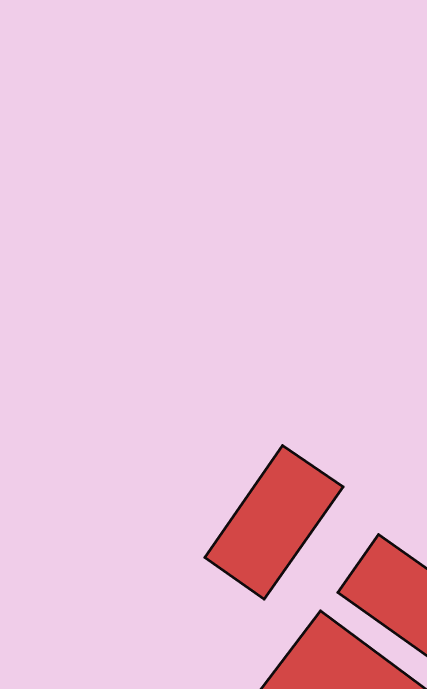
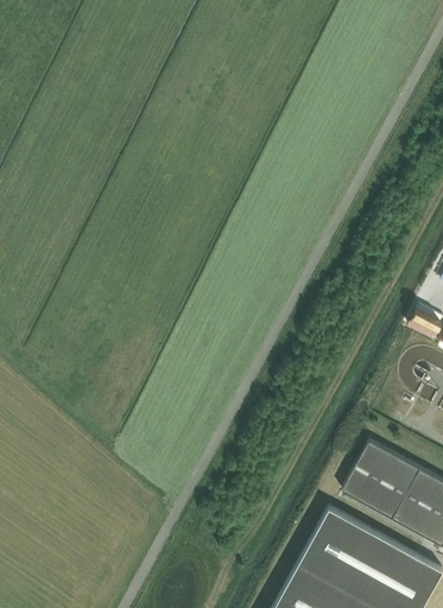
building: [205,446,343,599] -> none

